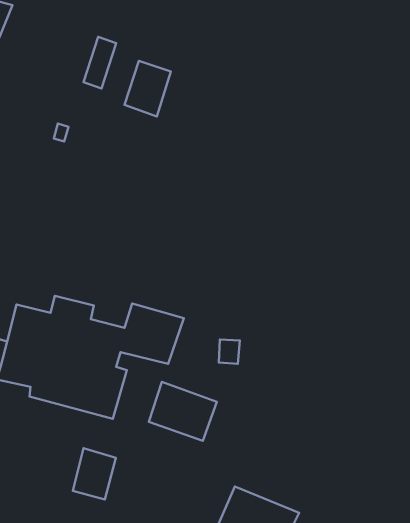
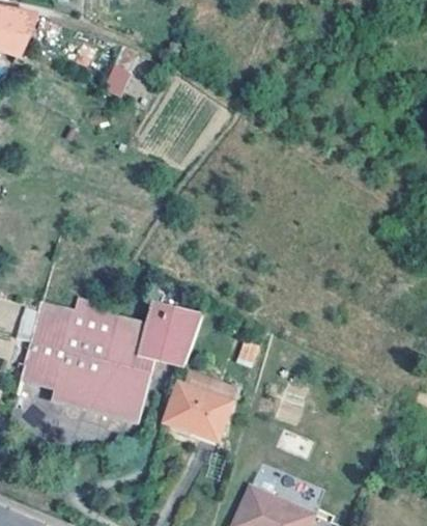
building: [124,61,171,116] -> none
building: [73,448,116,499] -> none

